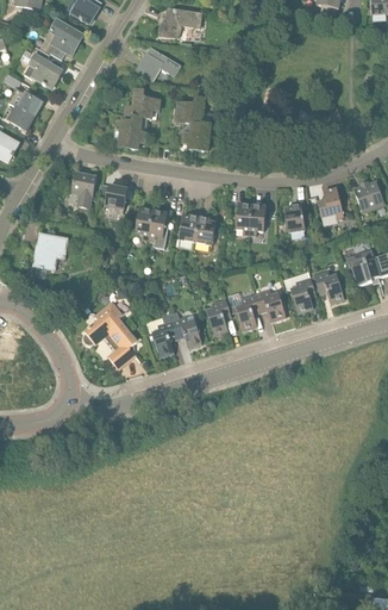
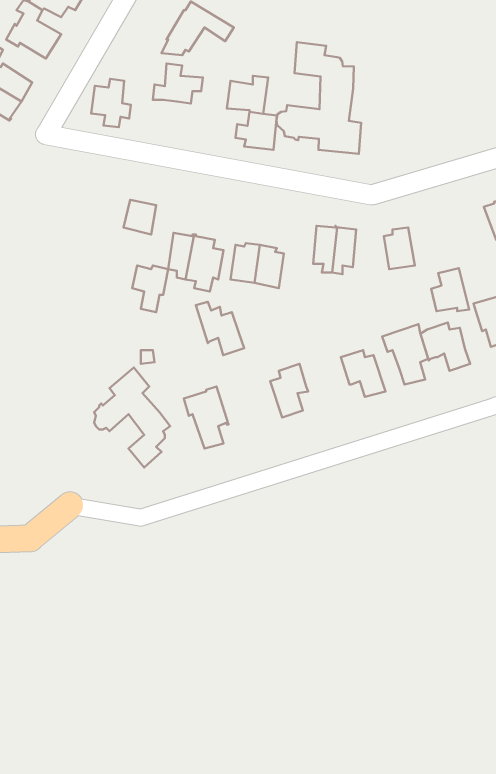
building: none -> [276,42,361,154]
building: [119,116,146,149] -> [91,79,131,127]
building: [71,175,96,207] -> [132,266,168,312]
building: [318,187,344,217] -> [431,268,469,311]
building: [33,234,67,268] -> none
building: [236,293,261,330] -> none
building: [169,311,202,348] -> [196,302,244,355]

